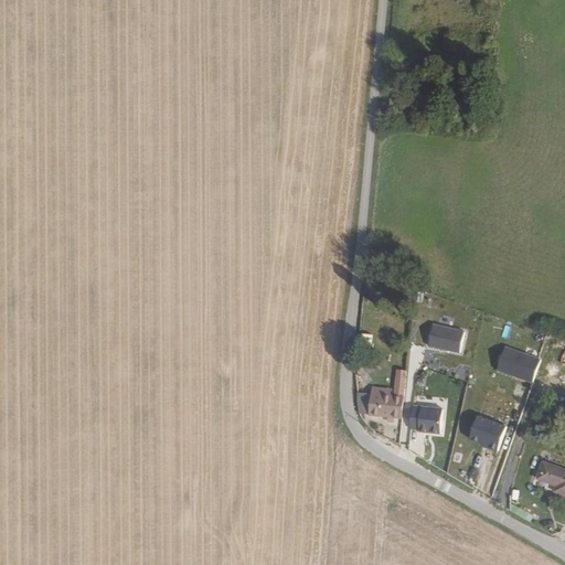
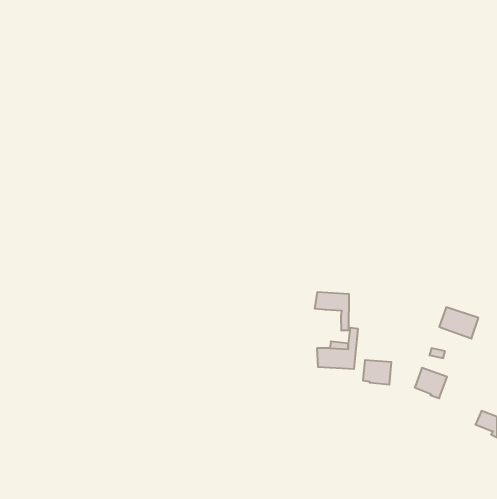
building: [427,323,462,351] -> none
building: none -> [315,292,349,331]

